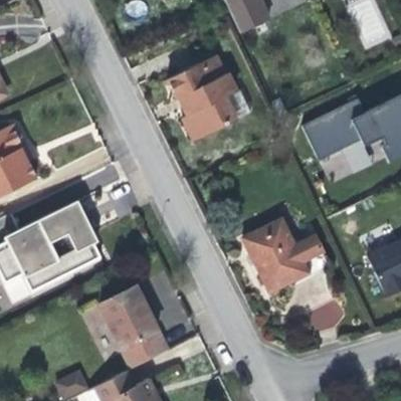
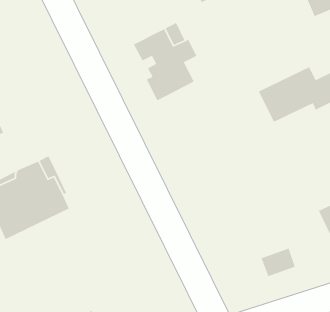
building: [246,218,333,291] -> none
building: [96,281,166,365] -> none

